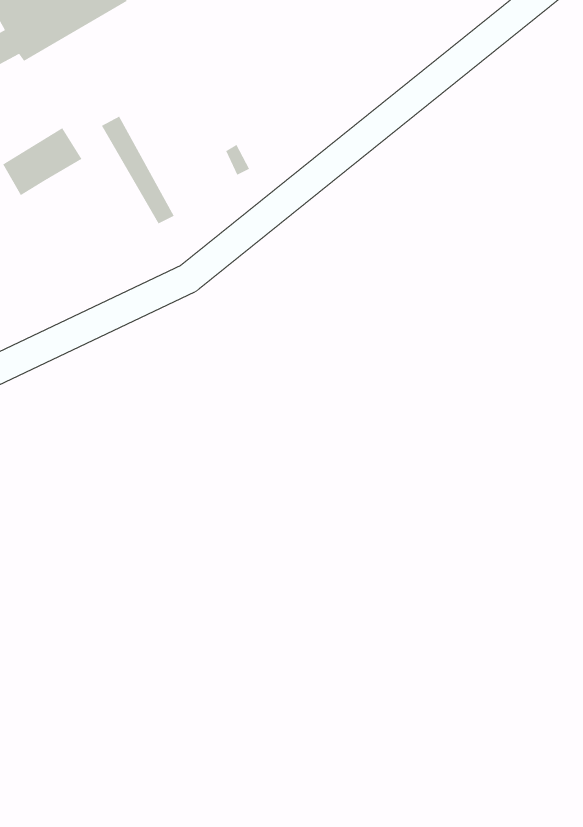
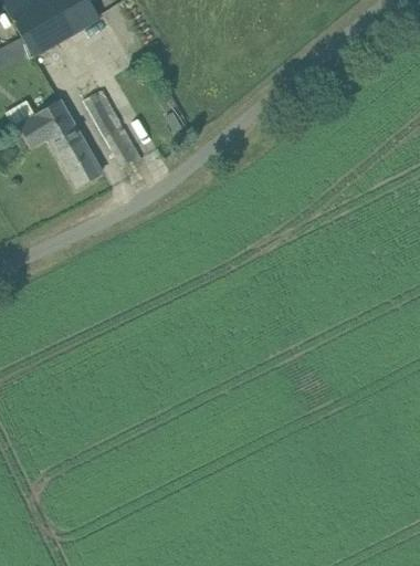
building: none -> [50,120,104,186]

